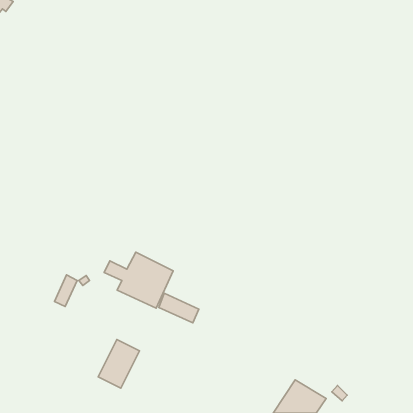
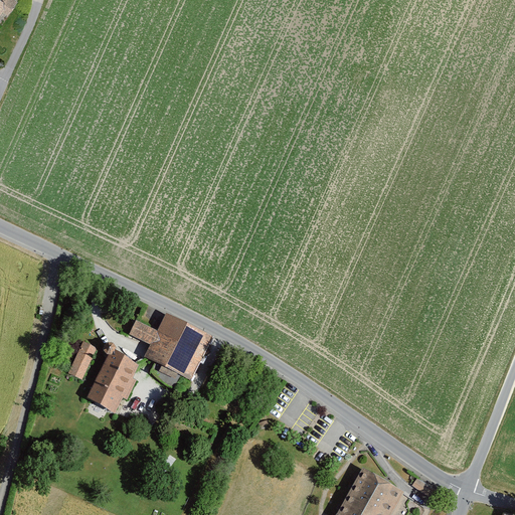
building: [159,293,199,323] -> none
building: [98,339,140,388] -> [87,352,138,412]

